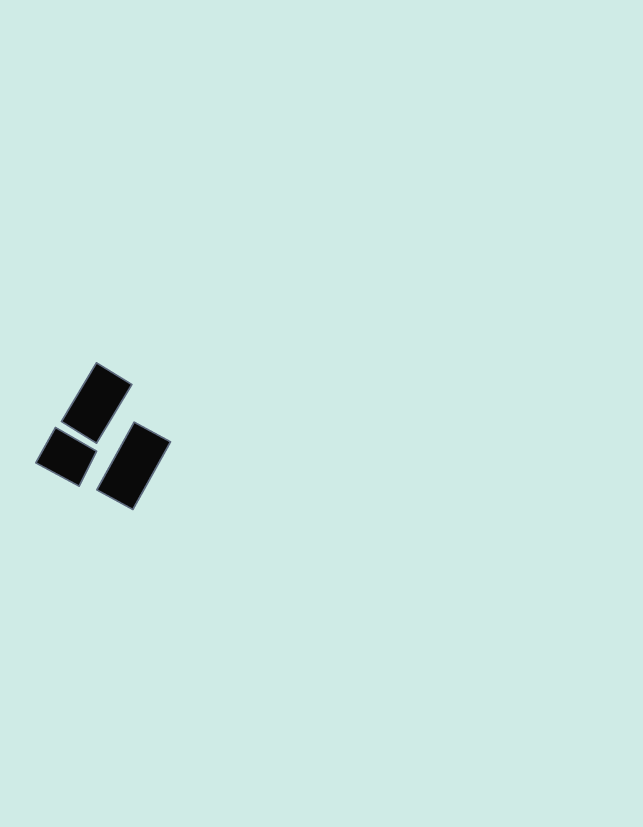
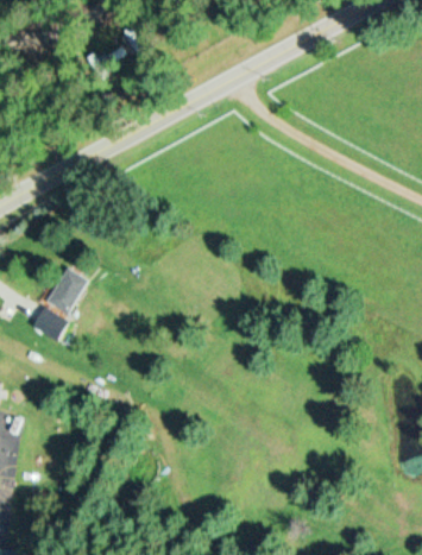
building: [97,422,170,509] -> none

